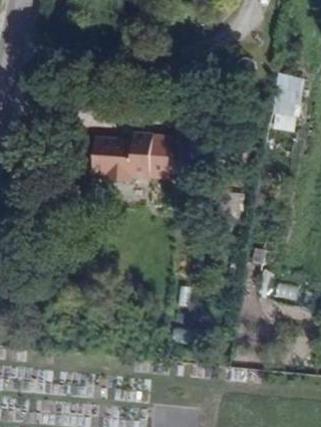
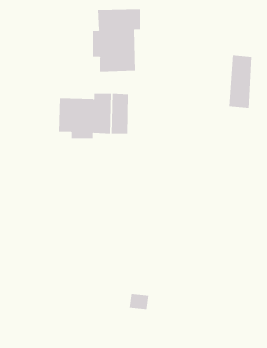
building: none -> [93,8,140,72]

